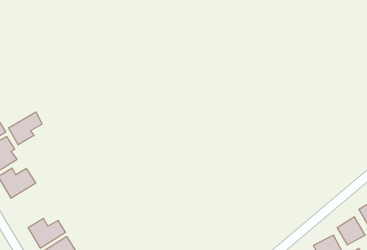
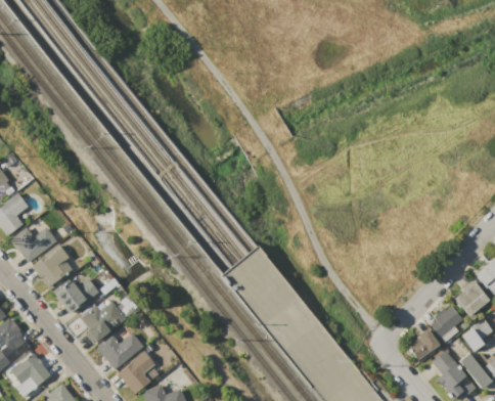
building: [9,112,42,145] -> none
building: none -> [77,300,125,342]

